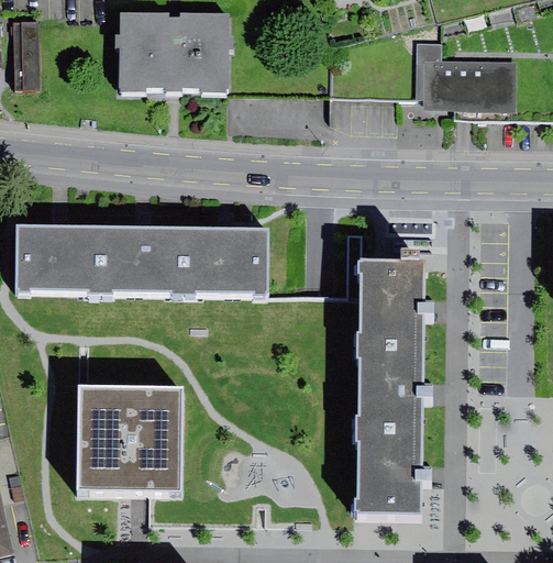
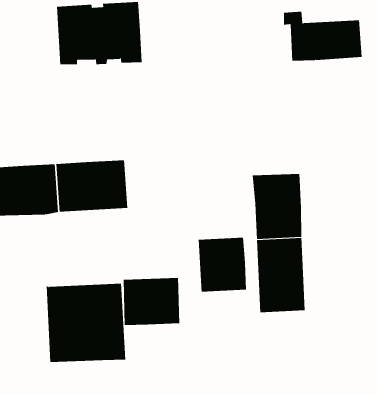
building: [195,225,267,292] -> none
building: none -> [123,277,180,326]
building: [356,439,418,509] -> [198,237,247,292]

